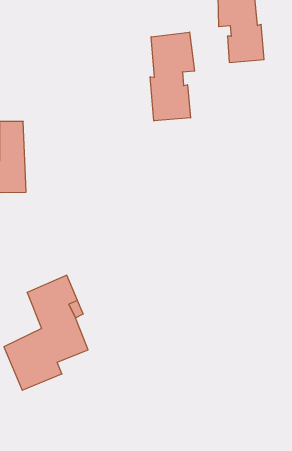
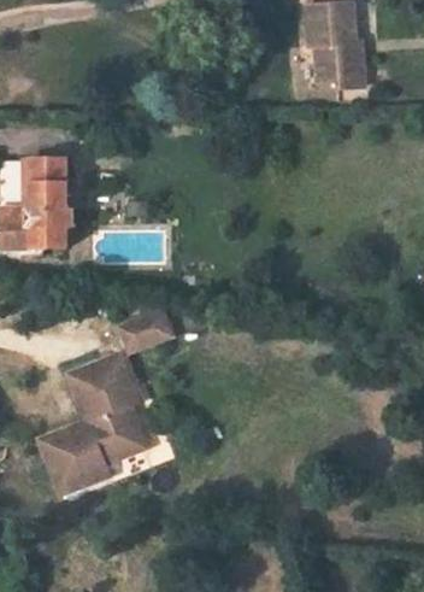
building: [150,32,195,121] -> none
building: none -> [118,305,171,347]

